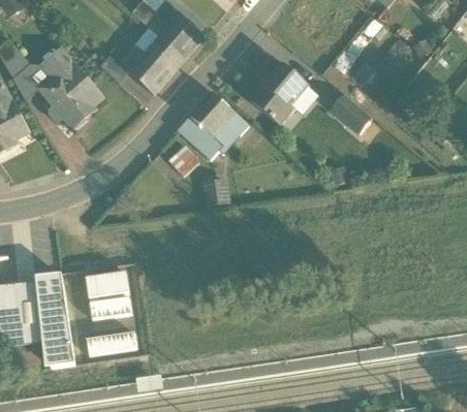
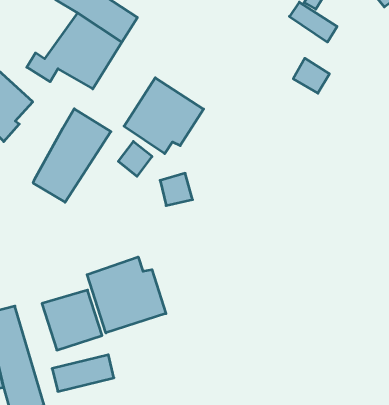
building: [248,62,308,126] -> none
building: none -> [33,109,111,202]
building: none -> [87,257,166,333]

